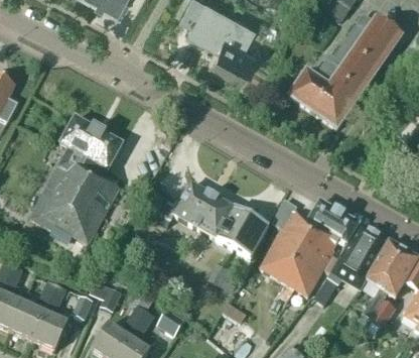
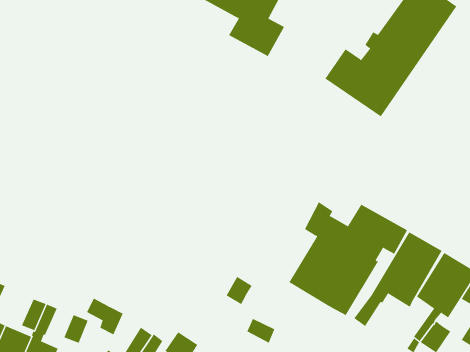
building: [38,118,122,243] -> none
building: [155,184,268,258] -> none

